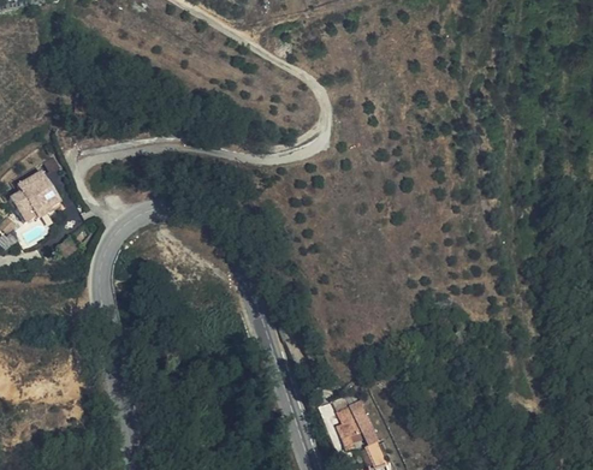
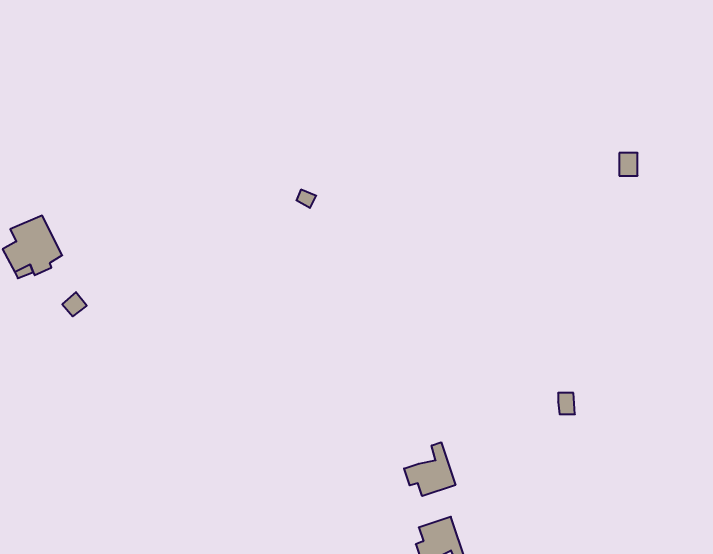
building: none -> [404,442,455,496]

